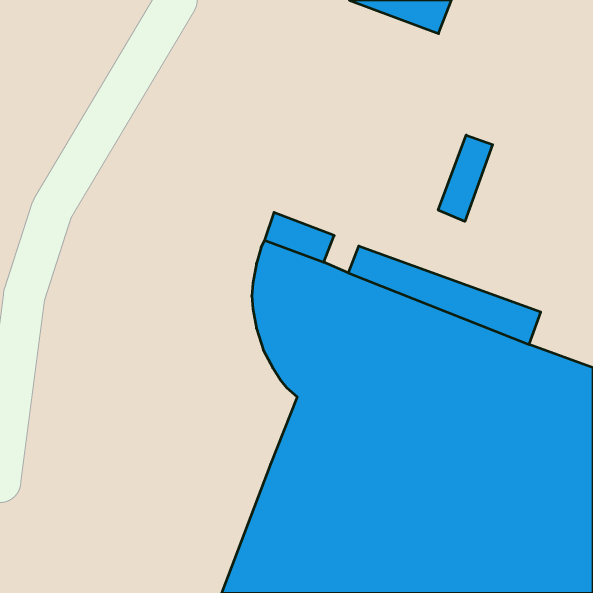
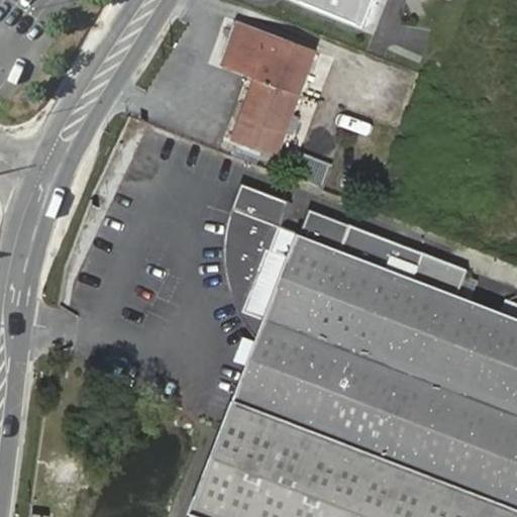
building: none -> [225,22,318,158]
building: [438,135,493,221] -> none

